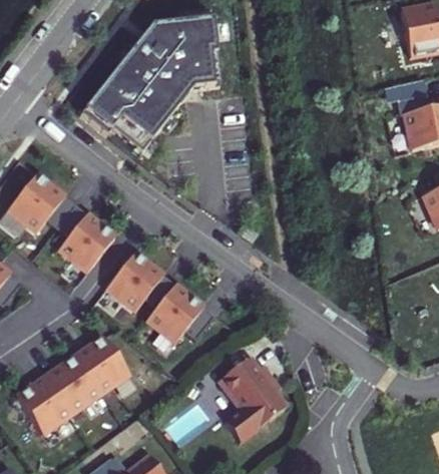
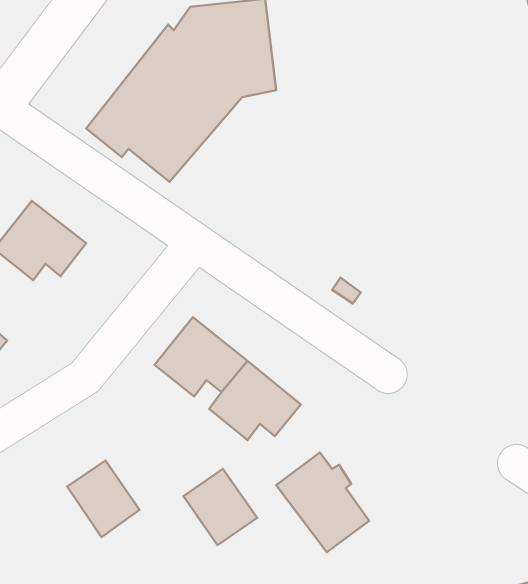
building: [49,201,108,269] -> none
building: [82,341,136,397] -> [183,469,257,545]
building: [24,380,79,437] -> none

